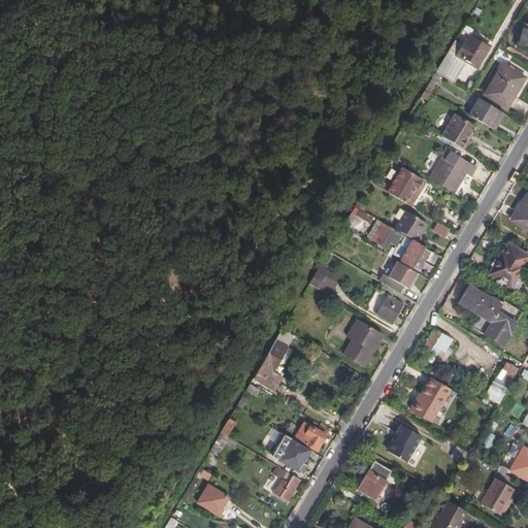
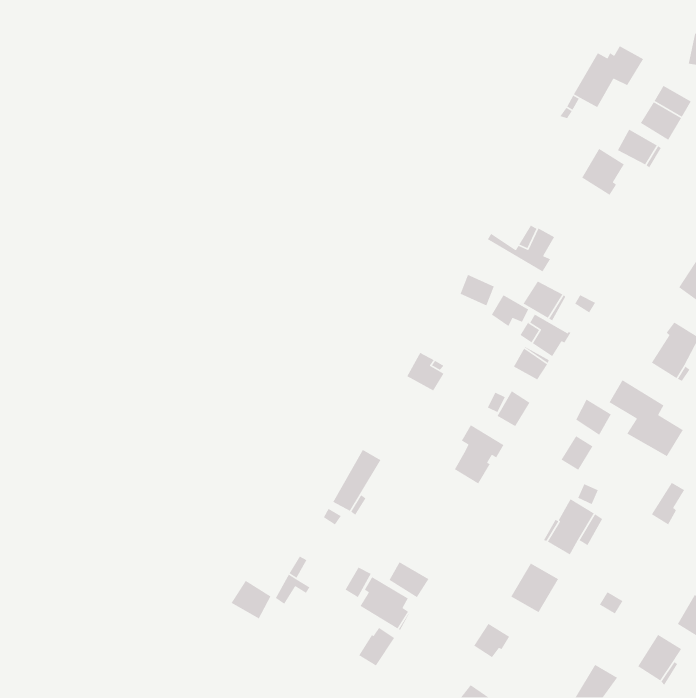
building: [430,148,472,191] -> none
building: none -> [575,399,612,436]
building: [197,485,228,515] -> [231,580,272,619]

